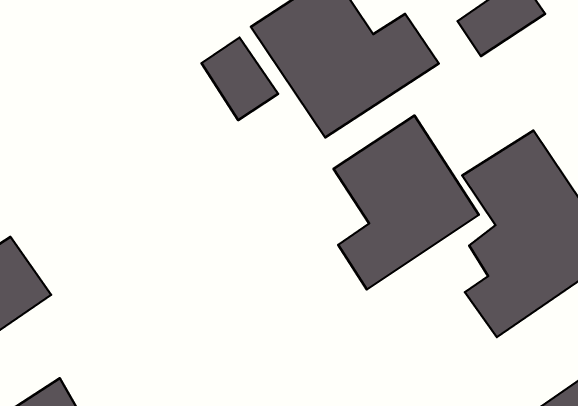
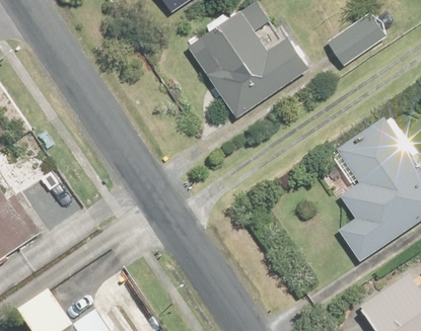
building: [202,38,278,120] -> none
building: [333,115,479,289] -> none

